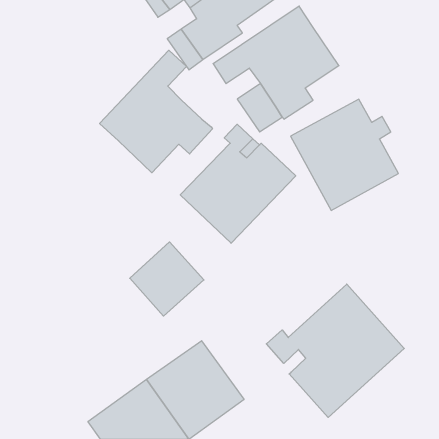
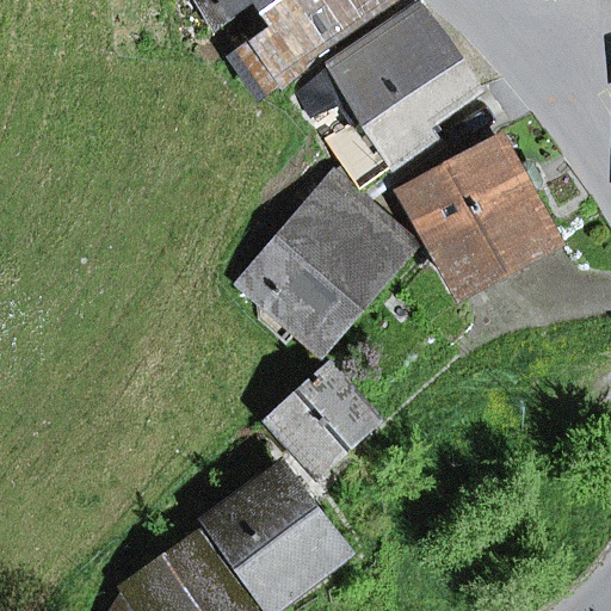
building: [100,50,212,173] -> none
building: [130,242,204,316] -> [270,366,372,469]
building: [266,284,404,417] -> none

